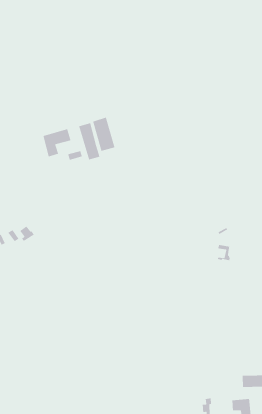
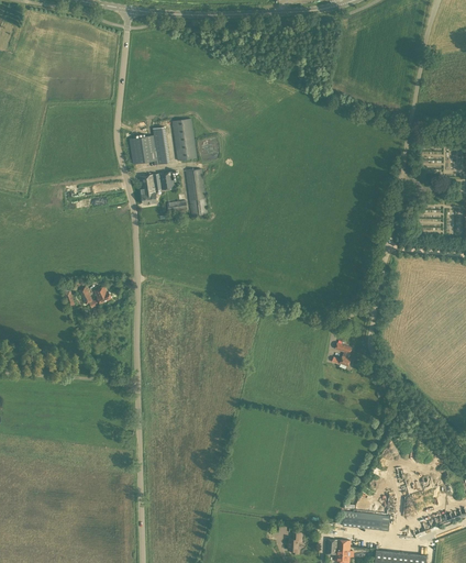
building: none -> [130,135,158,165]
building: [92,116,115,152] -> [173,118,197,161]

